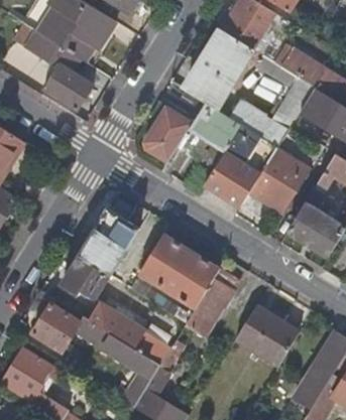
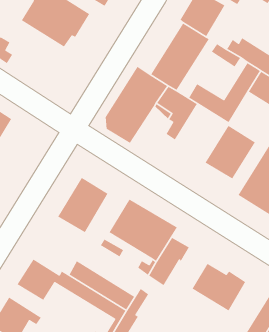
building: [18,22,95,110] -> none
building: [206,125,278,206] -> none
building: [61,256,111,298] -> none

